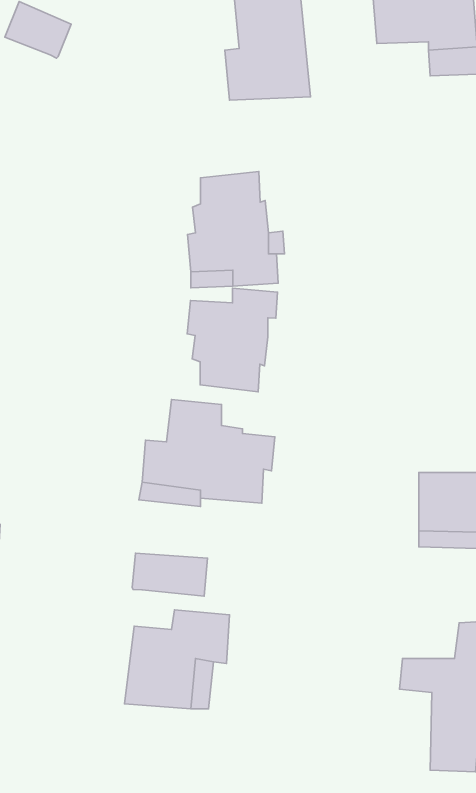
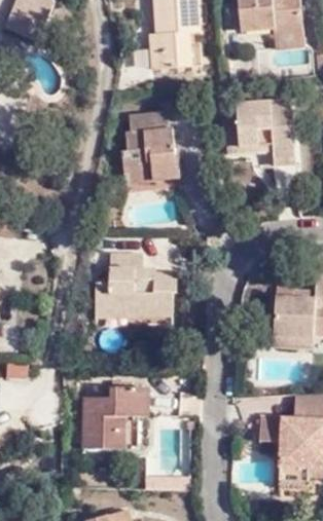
building: none -> [224,104,292,169]
building: [187,288,278,392] -> none
building: [132,553,207,596] -> none

